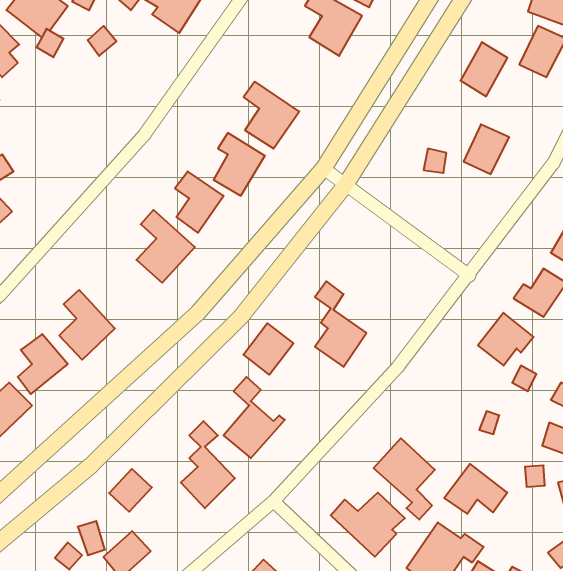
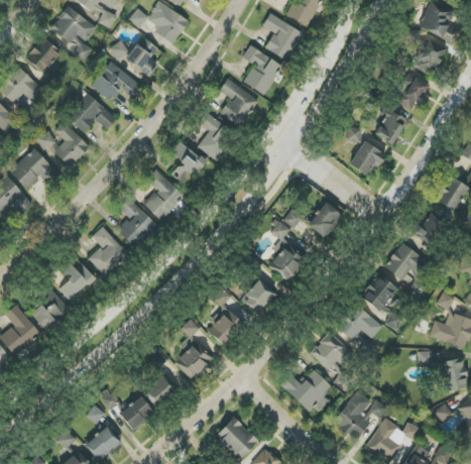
building: none -> [125,36,158,76]
building: none -> [242,45,282,95]
building: [460,42,507,96] -> [394,73,428,111]
building: none -> [92,62,140,101]
building: none -> [68,93,117,132]
building: none -> [54,121,90,166]
building: none -> [349,141,386,175]
building: none -> [118,199,155,247]
building: none -> [283,202,343,238]
building: [243,323,293,375] -> [241,278,276,315]
building: none -> [361,273,398,312]
building: [444,464,507,514] -> [338,305,382,340]
building: [109,469,152,512] -> [144,375,174,405]

